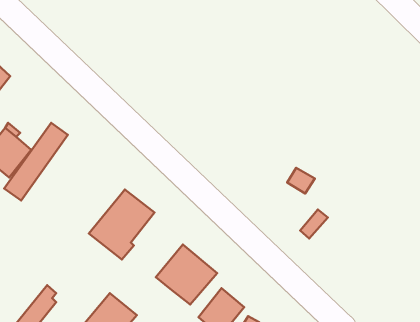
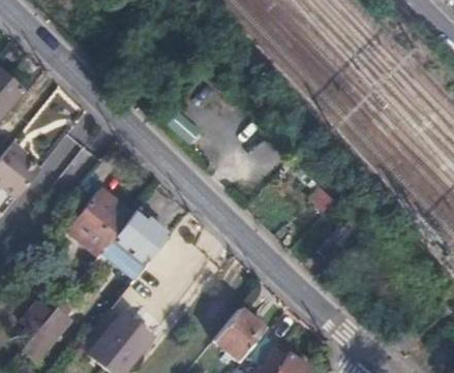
building: none -> [66,187,133,255]
building: [156,245,217,305] -> none

